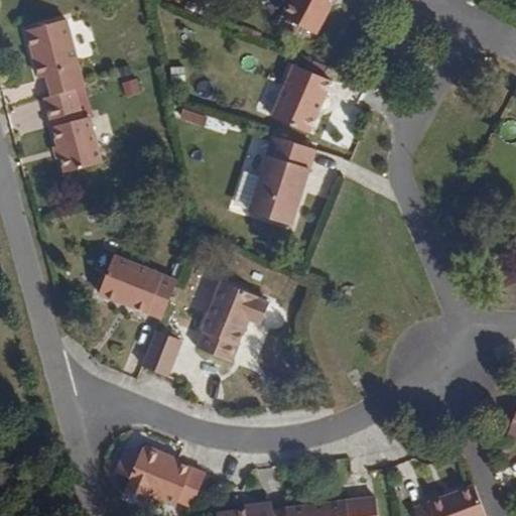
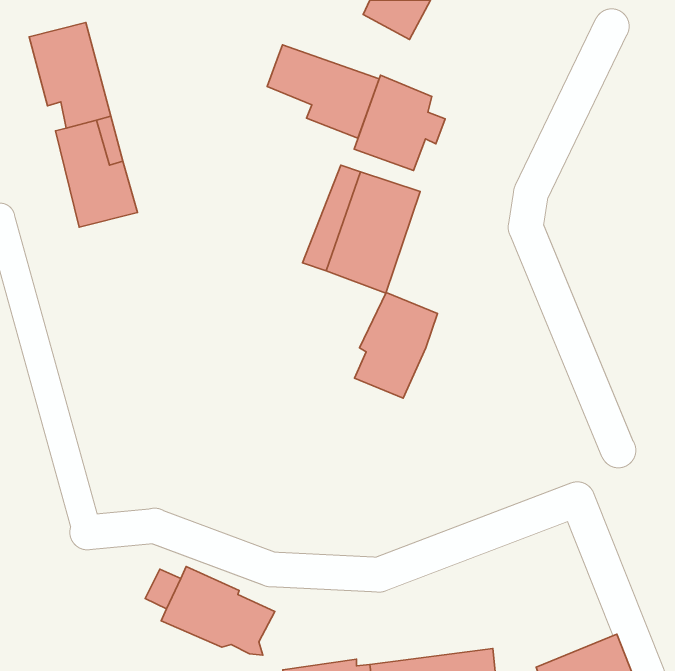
building: none -> [267,45,379,138]
building: [95,254,174,319] -> none
building: [199,278,262,359] -> [354,292,438,398]
building: [151,333,189,375] -> none

